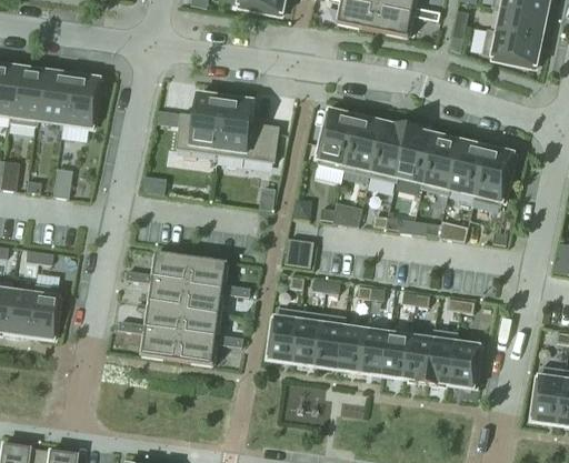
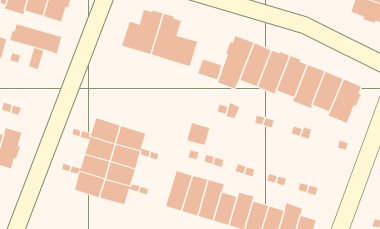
building: none -> [9,24,62,55]
building: none -> [198,59,222,80]

